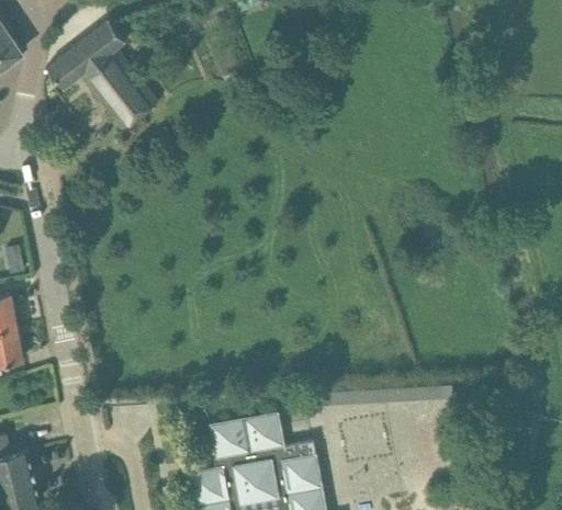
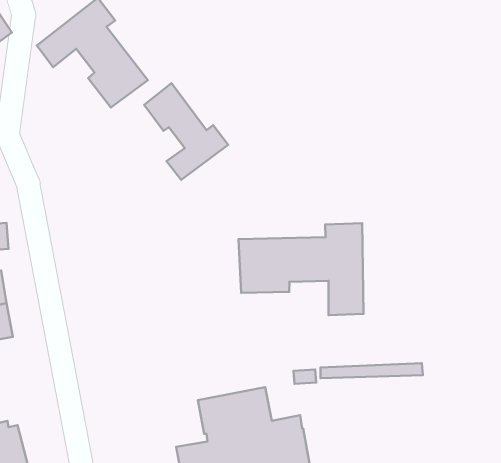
building: none -> [144,83,228,180]
building: none -> [239,223,364,315]

